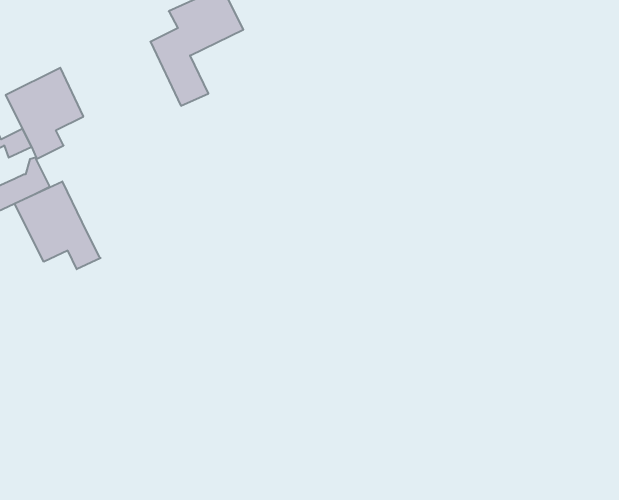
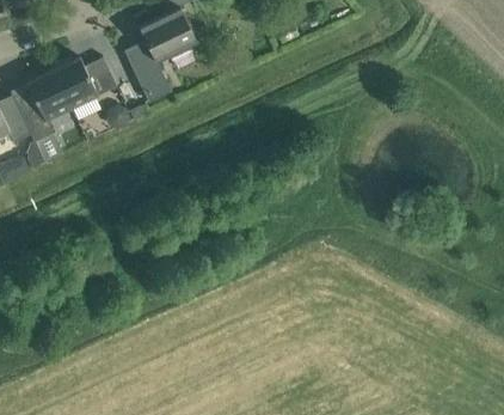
building: none -> [54,57,117,109]
building: [15,181,101,269] -> none

